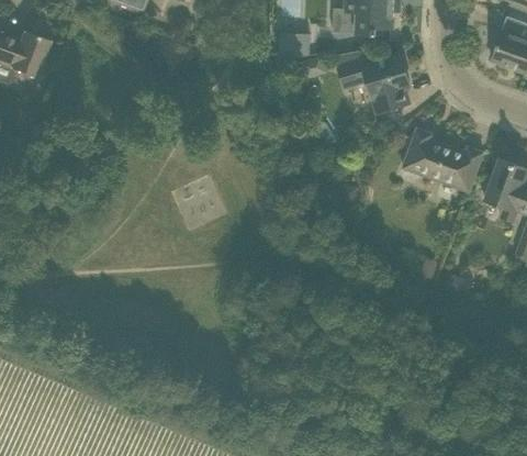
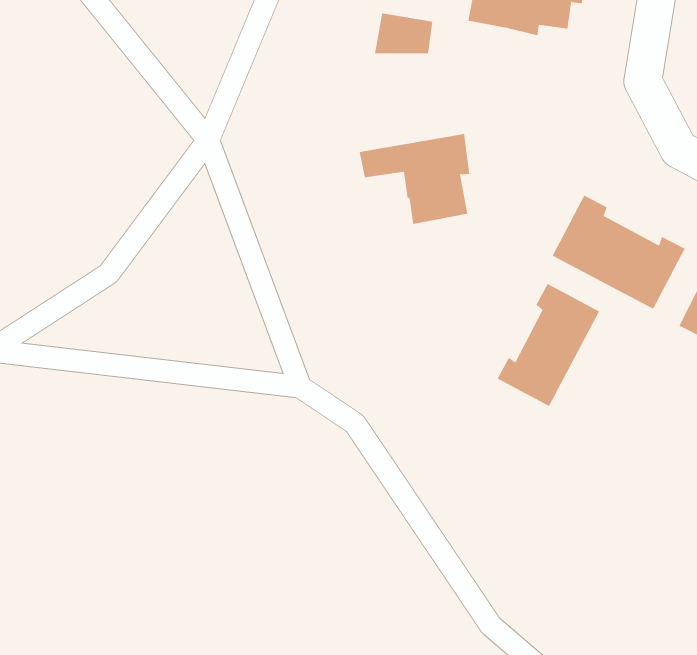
building: [338,55,410,114] -> [359,133,470,224]
building: none -> [497,283,600,407]

